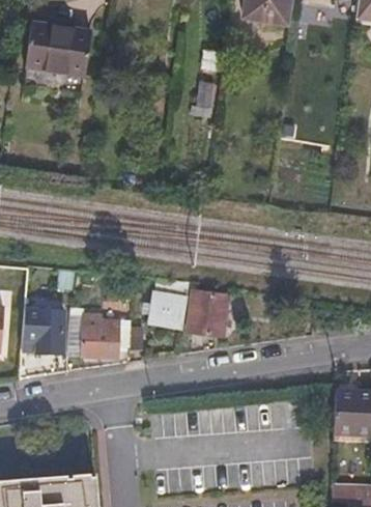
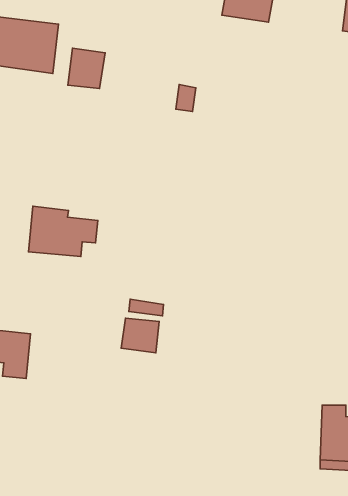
building: none -> [68,48,105,88]
building: [189,298,228,338] -> none
building: [69,312,134,359] -> [28,206,98,256]

